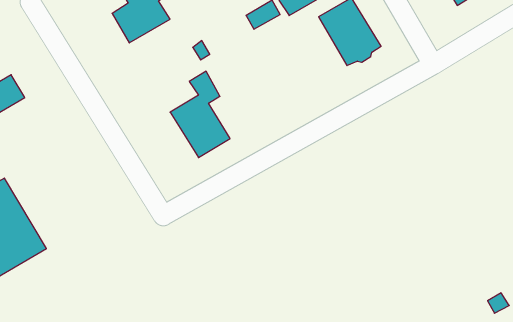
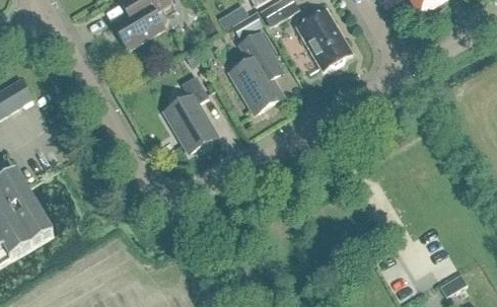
building: none -> [229,28,285,112]

